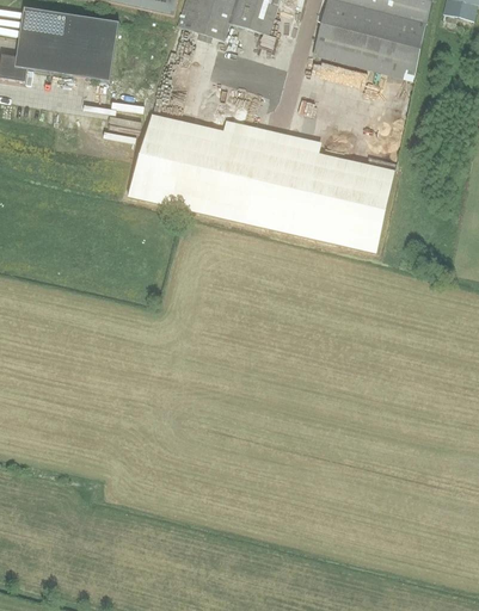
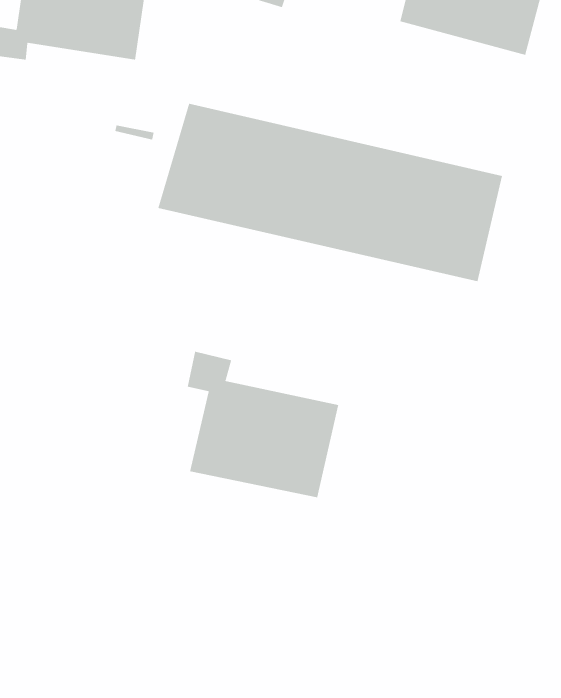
building: none -> [187,351,339,498]

